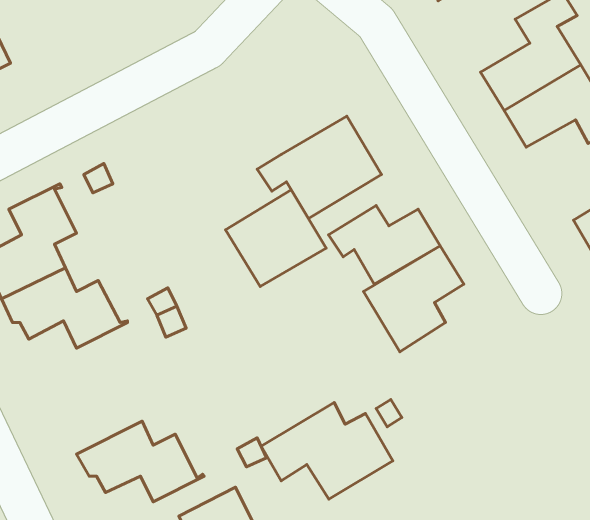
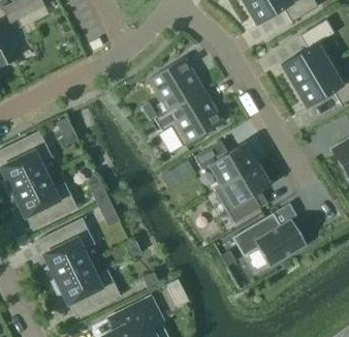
building: [225,190,326,287] -> [148,57,204,112]
building: none -> [43,216,94,281]
building: [261,402,393,499] -> [231,213,306,268]

